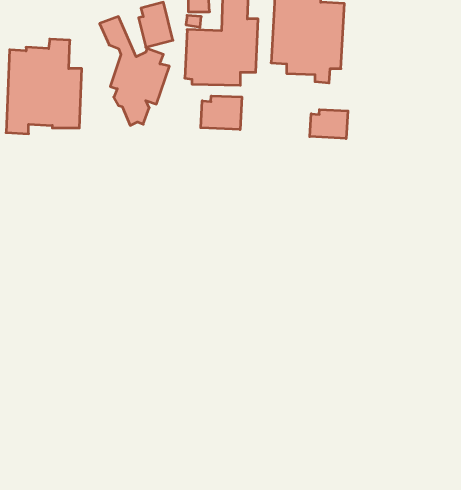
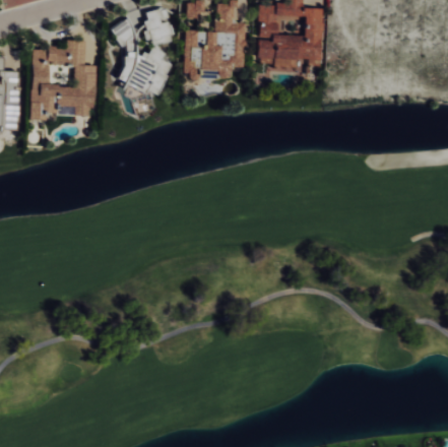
building: [201,96,242,130] -> none
building: [310,110,348,139] -> none

